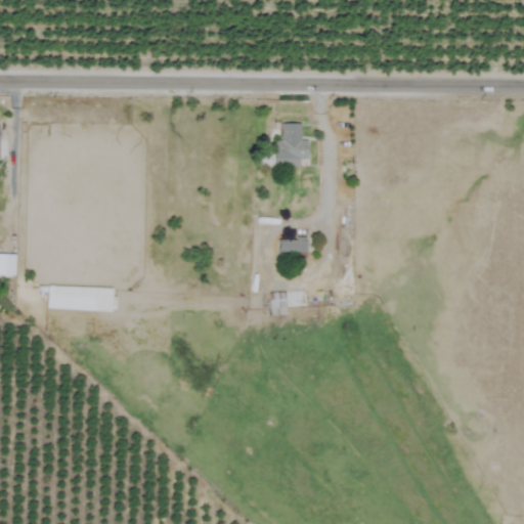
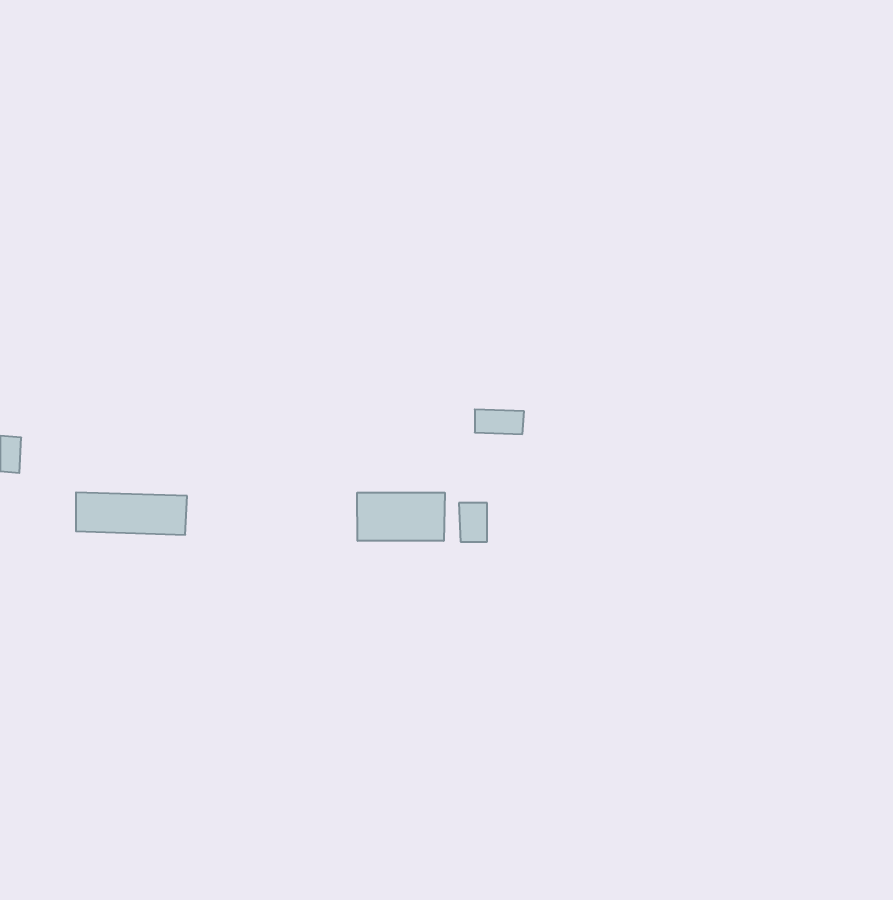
building: [276,123,310,166] -> none
building: none -> [357,493,445,541]

